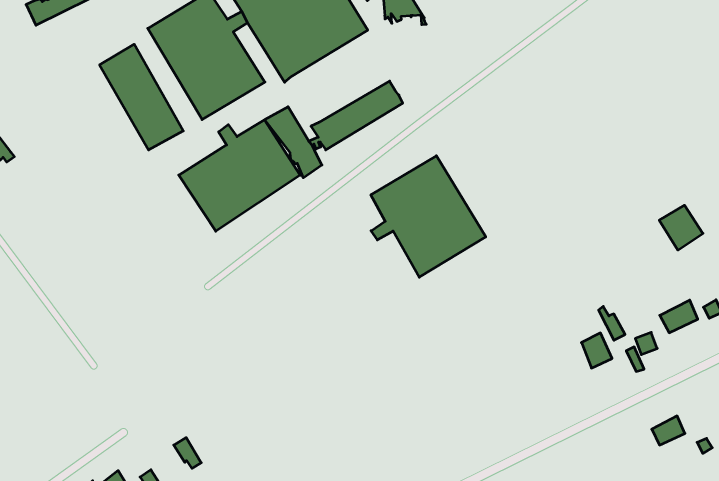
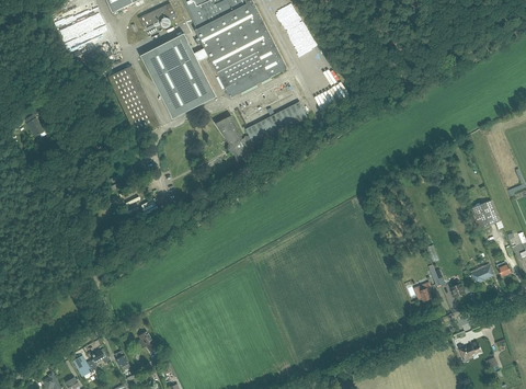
building: [179,120,300,231] -> none
building: [371,156,486,277] -> none

